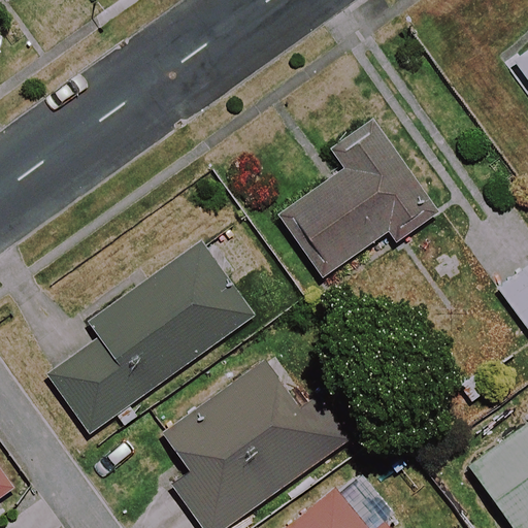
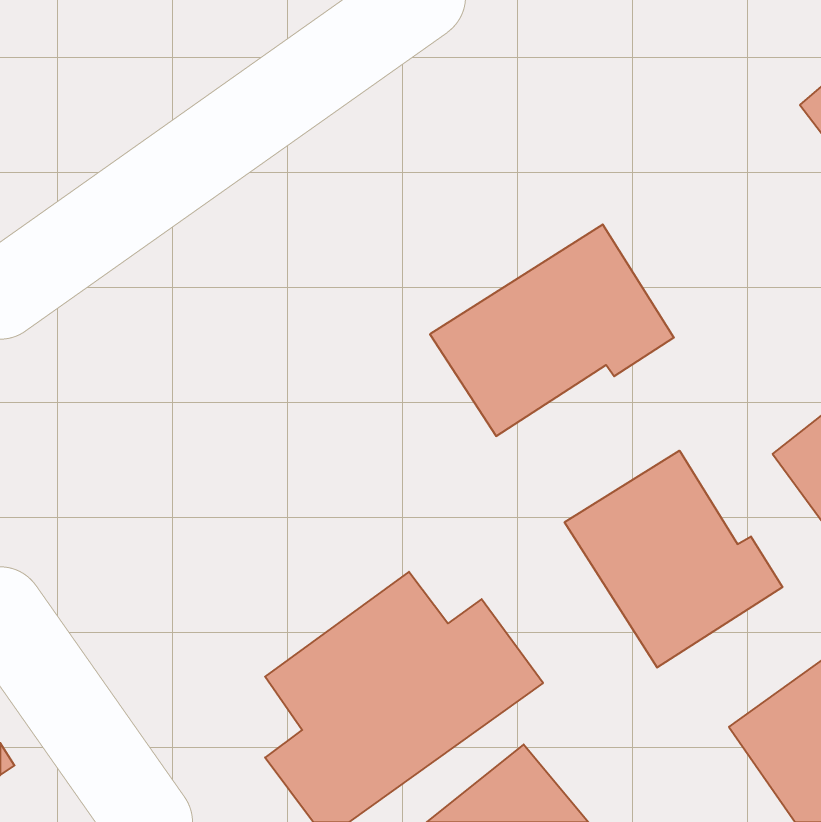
building: [51,244,253,431] -> none
building: none -> [565,451,782,668]

